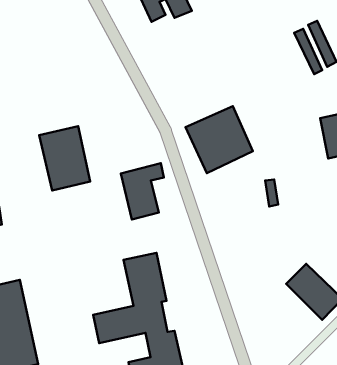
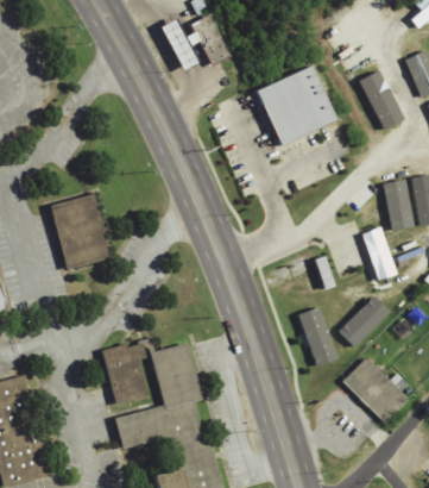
building: [186,106,253,173] -> [253,63,333,143]
building: none -> [365,229,395,281]
building: [121,163,164,220] -> [102,339,153,406]
building: none -> [339,296,390,348]
building: none -> [298,307,337,368]

